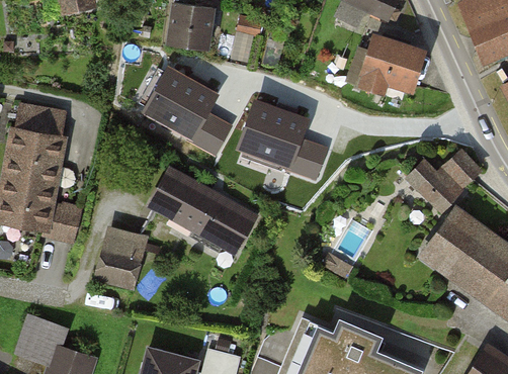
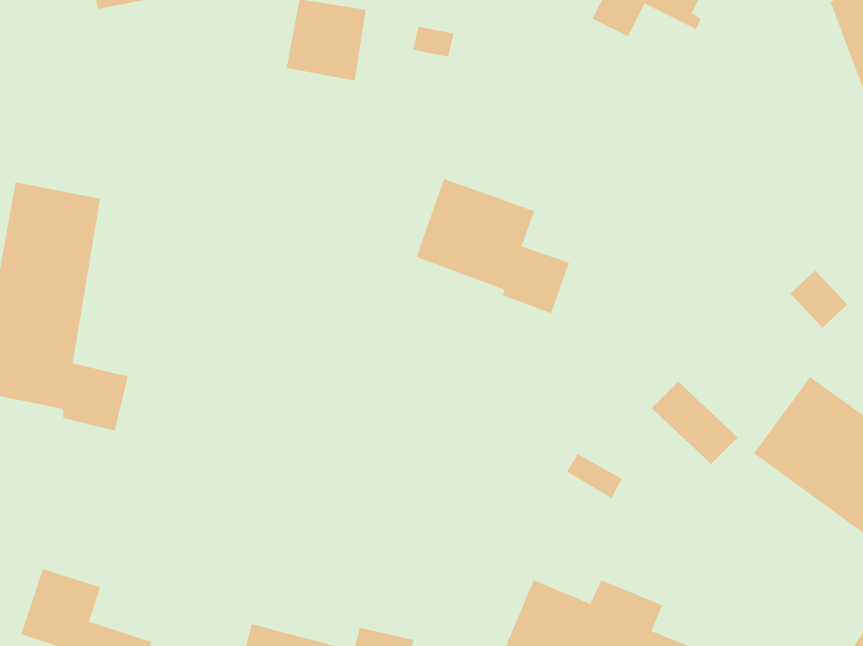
building: [350,38,420,90] -> none
building: [146,69,229,153] -> none
building: [408,161,456,207] -> [651,381,739,465]
building: [151,169,257,253] -> none
building: [102,229,147,286] -> none

